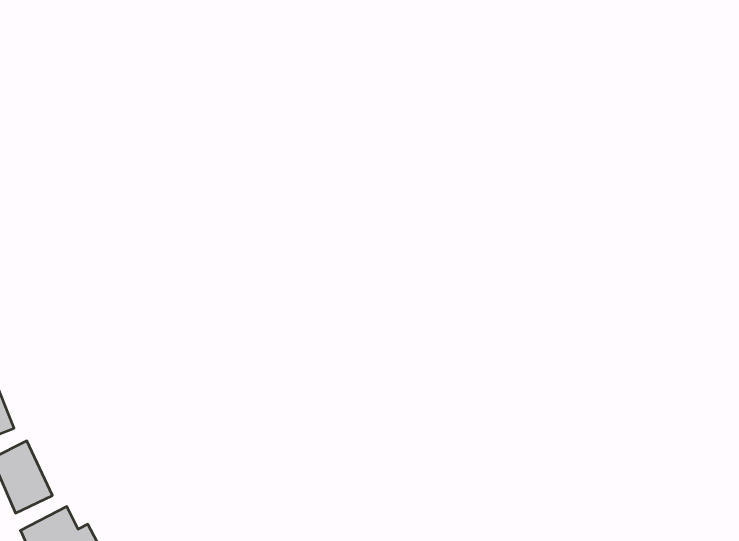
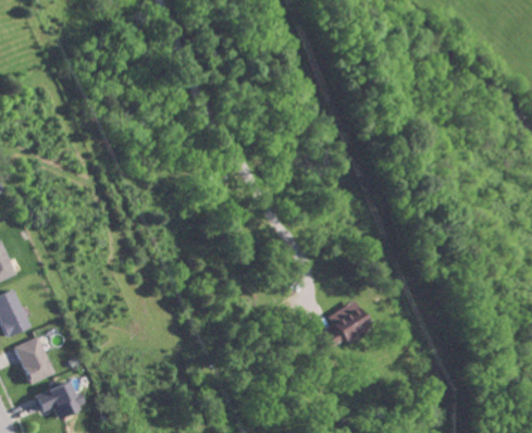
building: none -> [320,301,367,349]

